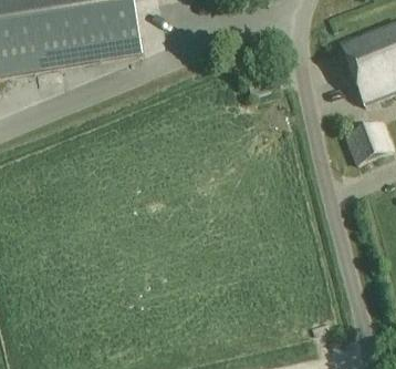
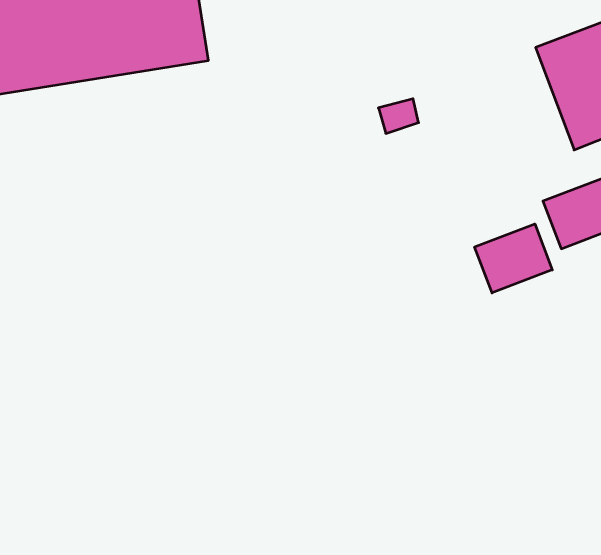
building: none -> [475,224,552,293]

